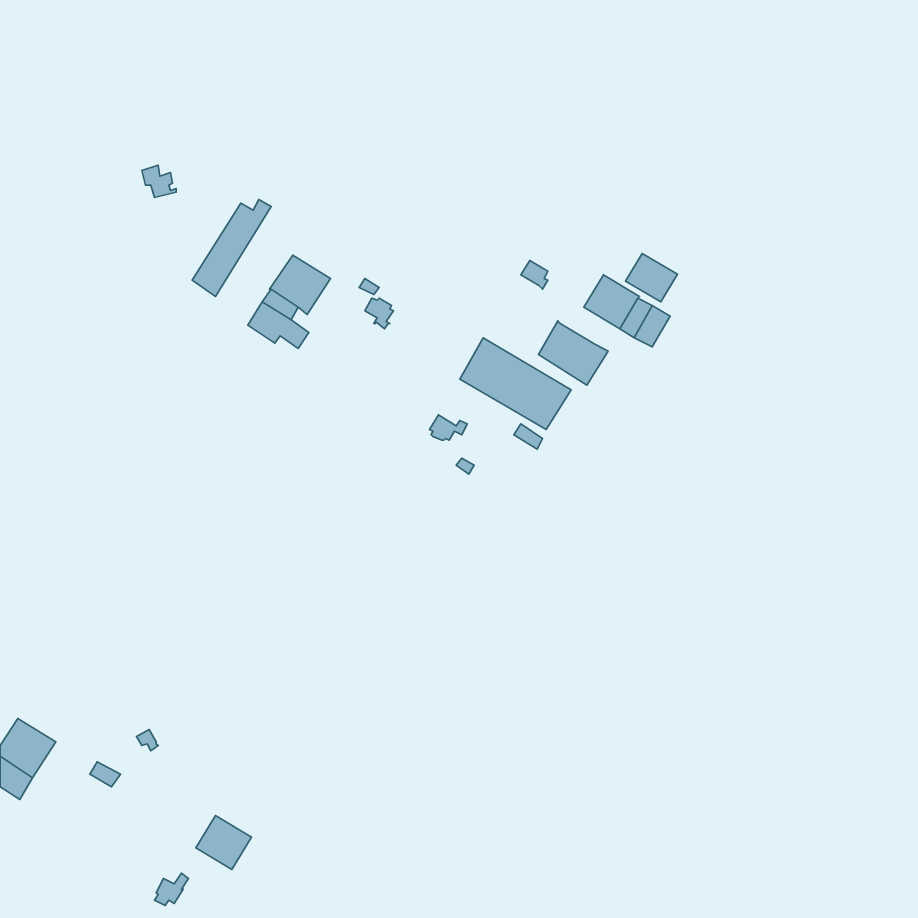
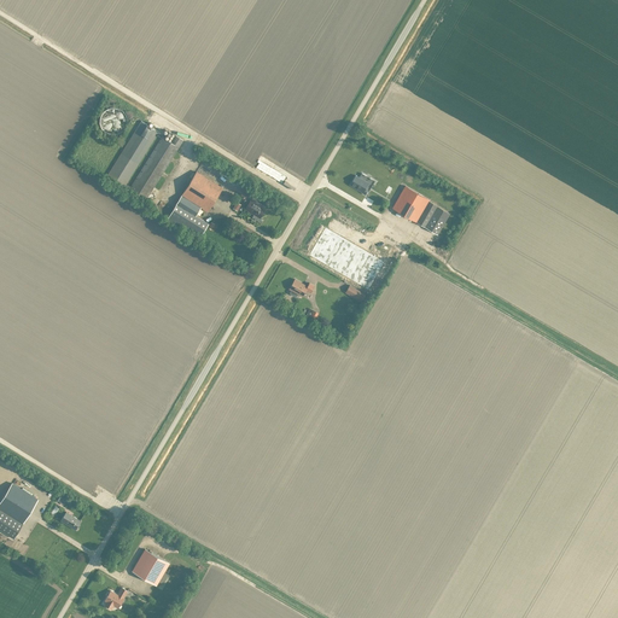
building: none -> [106,119,158,186]
building: [626,253,677,302] -> none
building: [538,321,608,385] -> none

